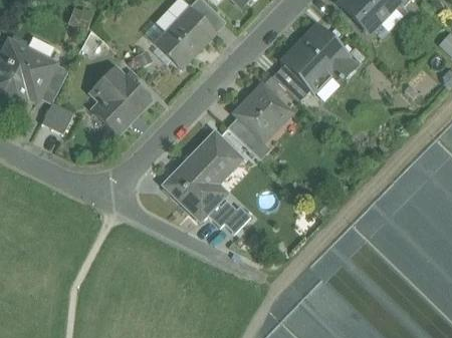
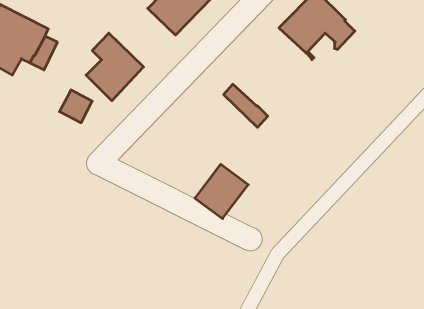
building: [271,64,310,101] -> none
building: [232,83,288,138] -> none
building: [41,101,73,133] -> [59,90,92,123]
building: [163,131,241,220] -> none

